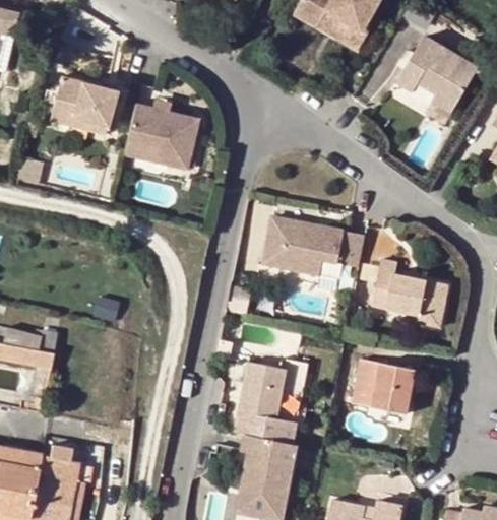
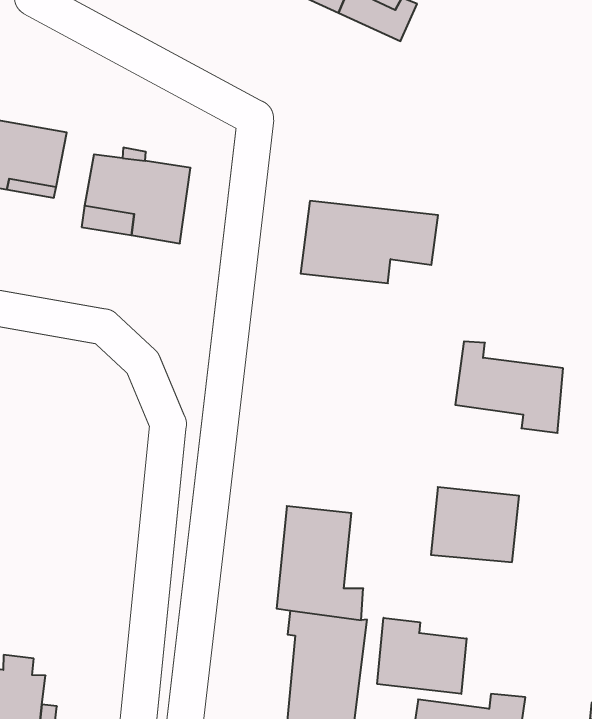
building: [392,36,473,110] -> none
building: [266,216,363,276] -> [301,201,438,283]
building: none -> [377,618,467,694]

